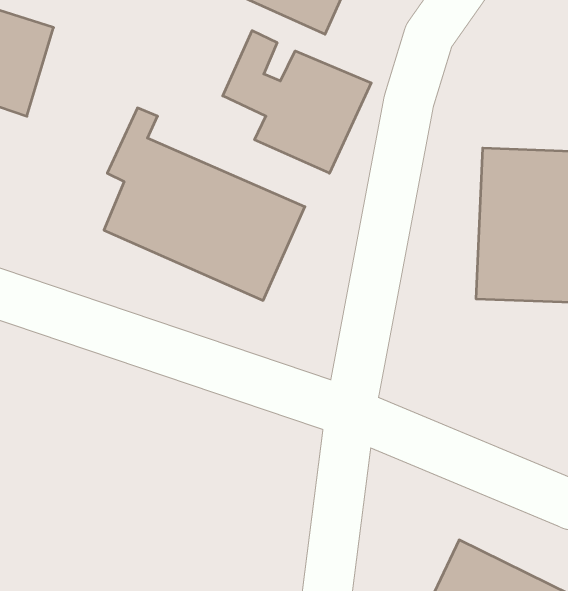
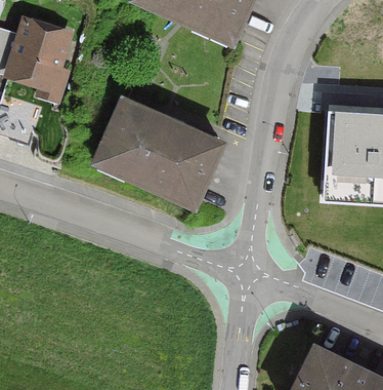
building: [223,31,371,173] -> none

